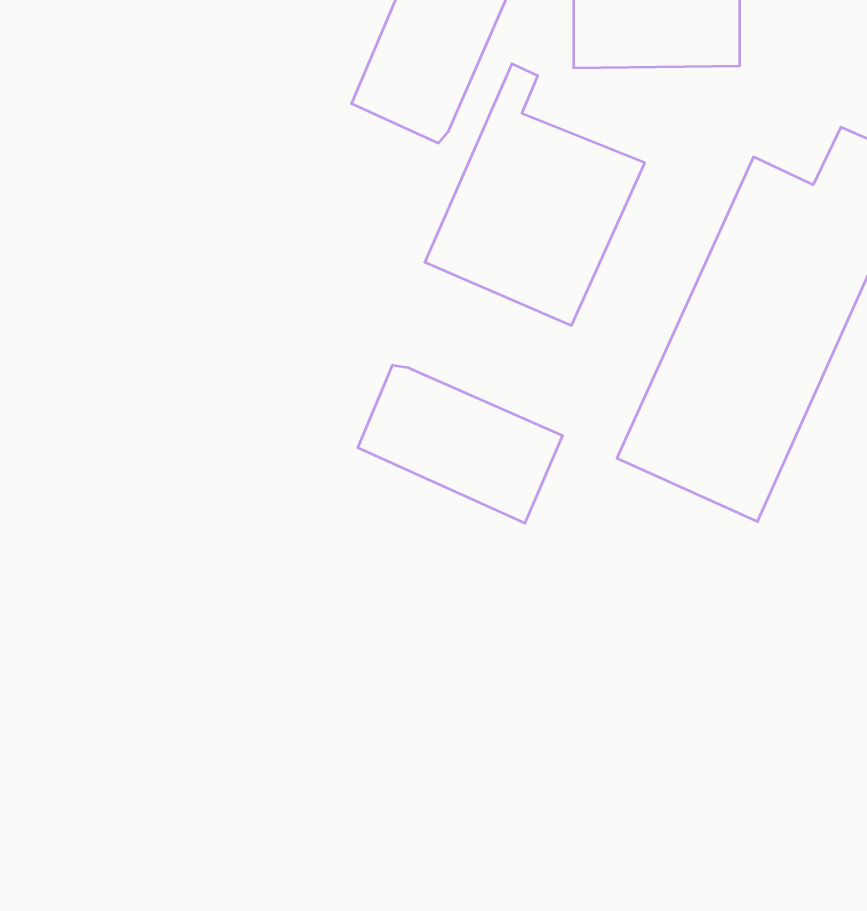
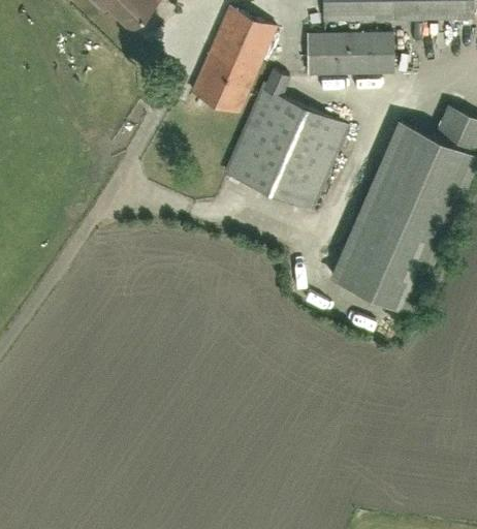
building: [358,365,562,523] -> none

